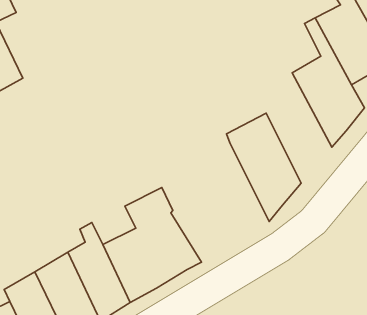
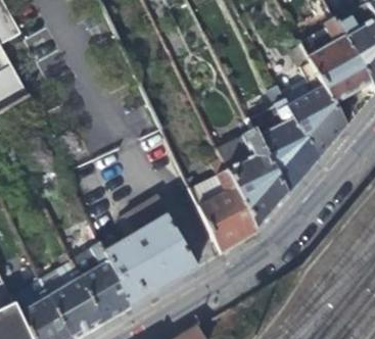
building: none -> [248,82,317,193]
building: none -> [191,155,259,250]

